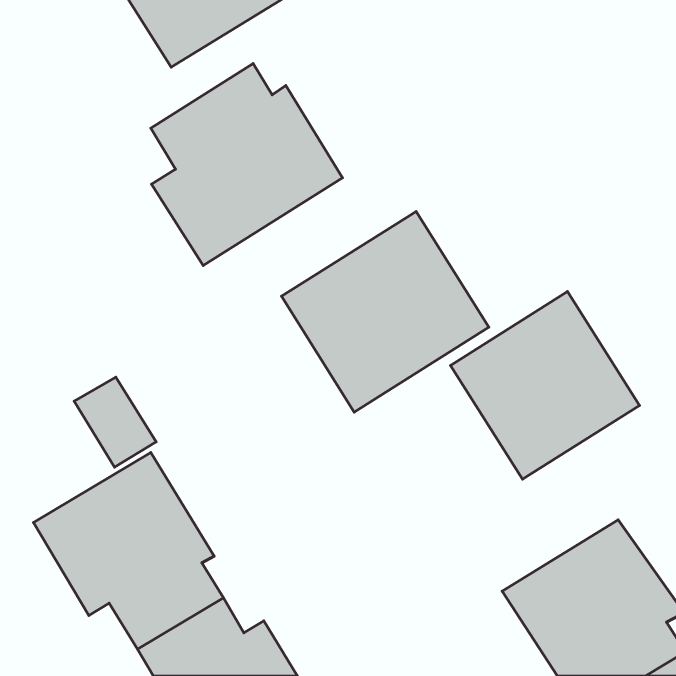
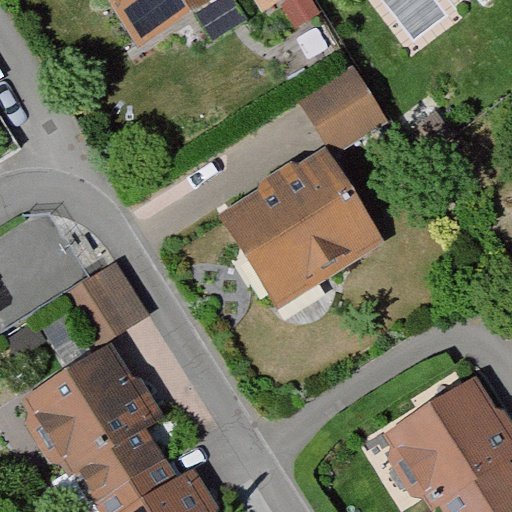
building: [151,63,342,265] -> none
building: none -> [299,73,377,150]
building: [450,292,640,479] -> none

